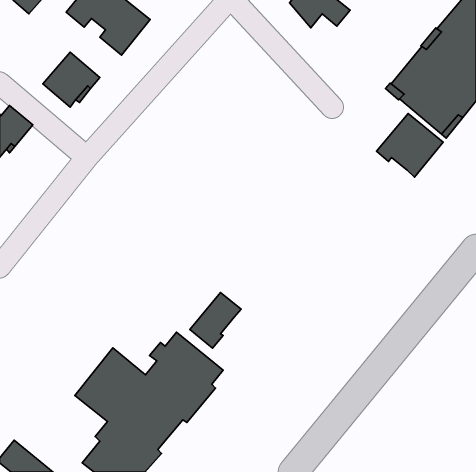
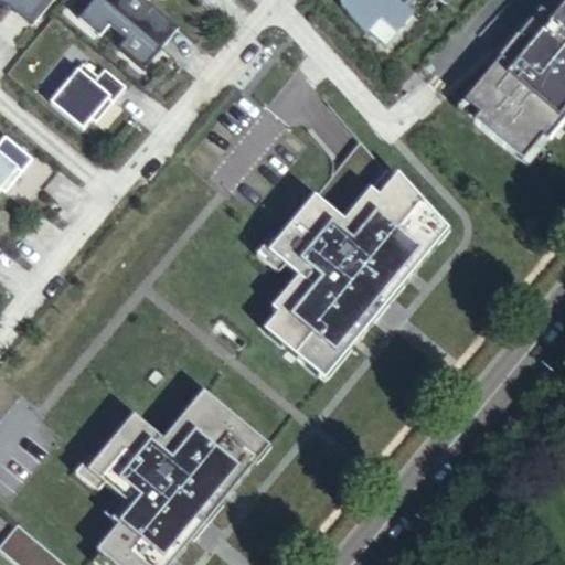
building: [377,113,443,177] -> none
building: none -> [264,171,443,372]
building: [190,292,241,348] -> none

